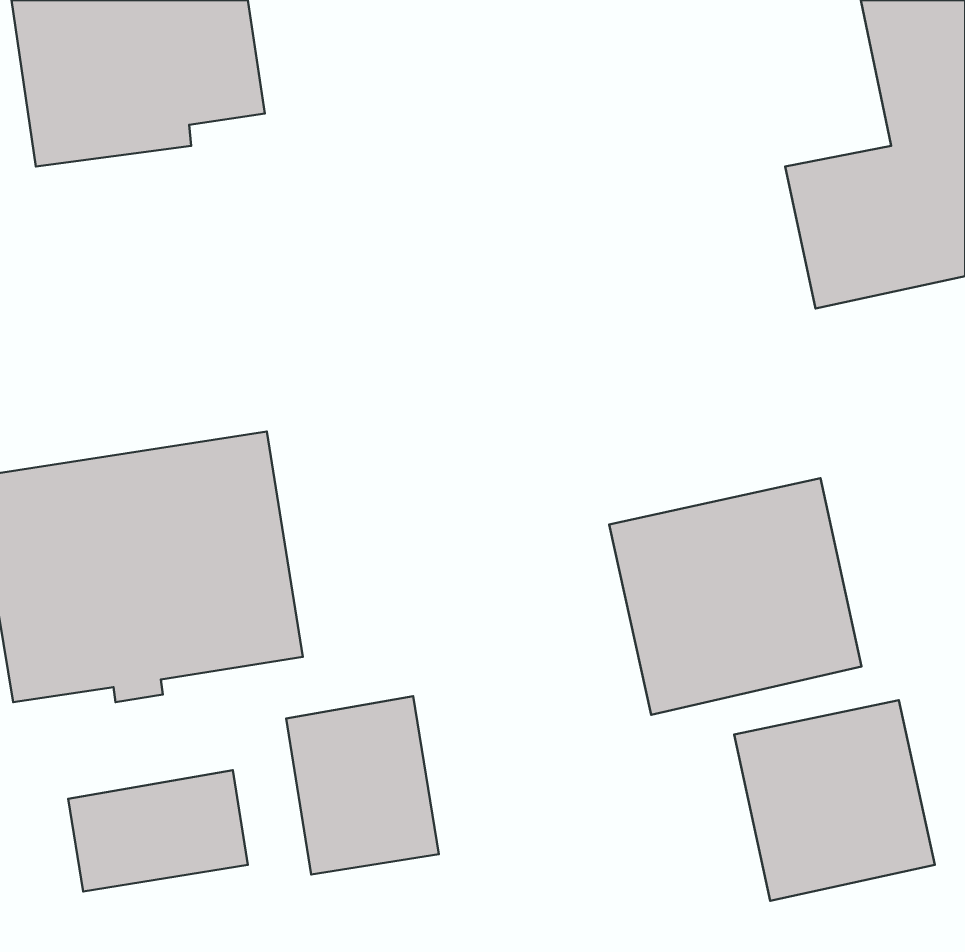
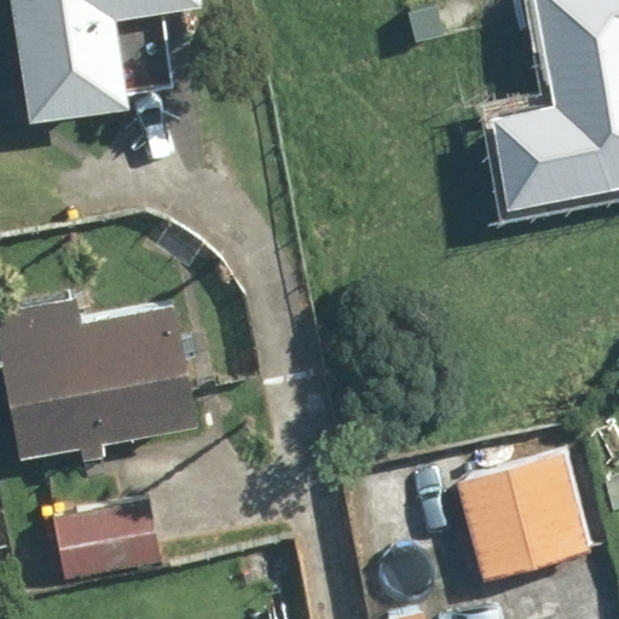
building: [609,478,862,715] -> none
building: [286,696,439,875] -> none

